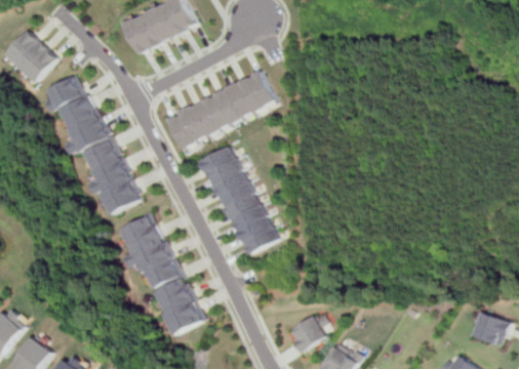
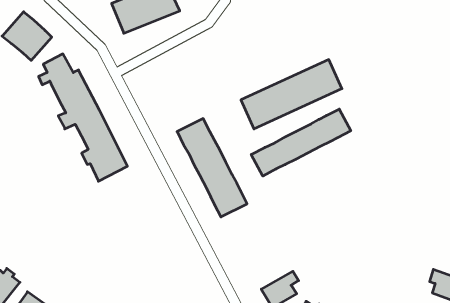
building: [162,72,273,148] -> [241,60,342,129]
building: none -> [251,109,351,176]
building: [121,215,203,335] -> none

